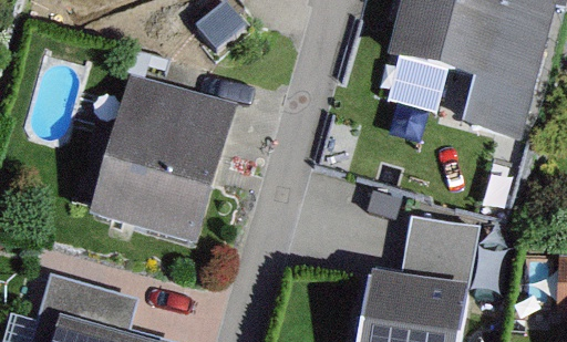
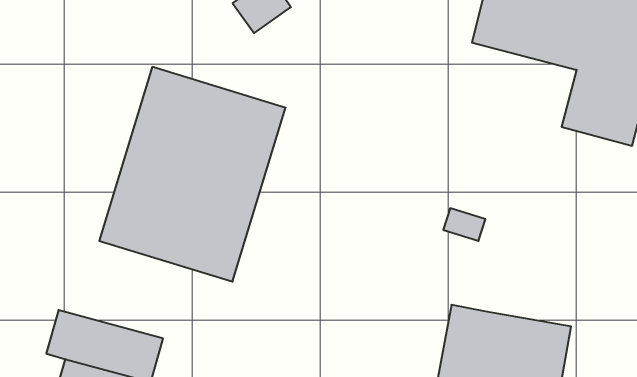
building: [400,215,480,284] -> none

